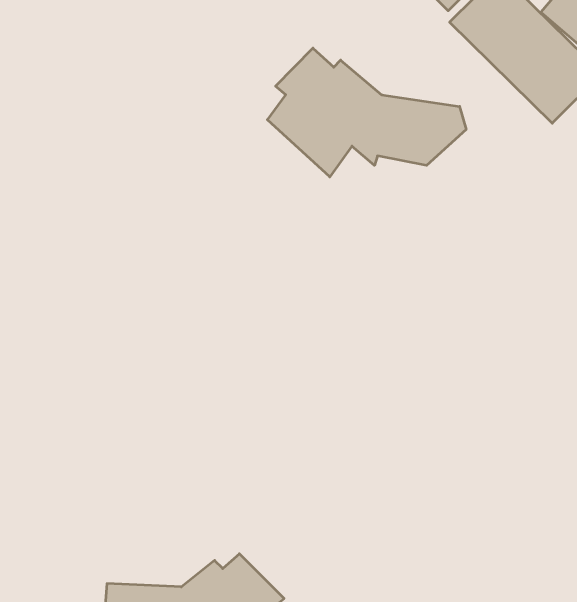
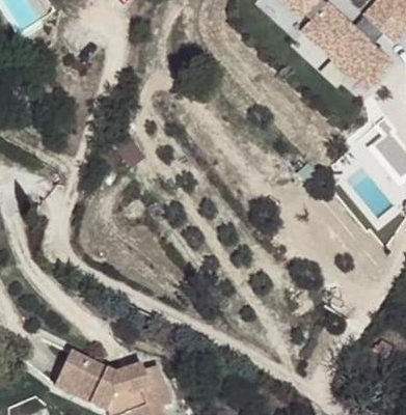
building: [267,48,466,177] -> none

